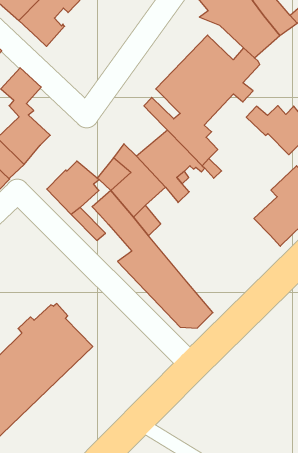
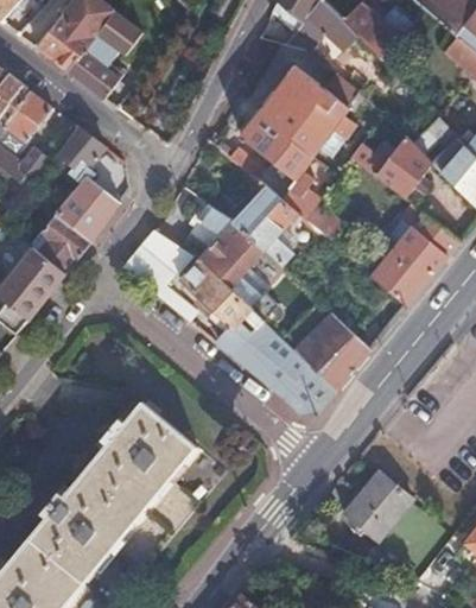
building: none -> [300,311,367,392]
building: none -> [345,473,412,542]

